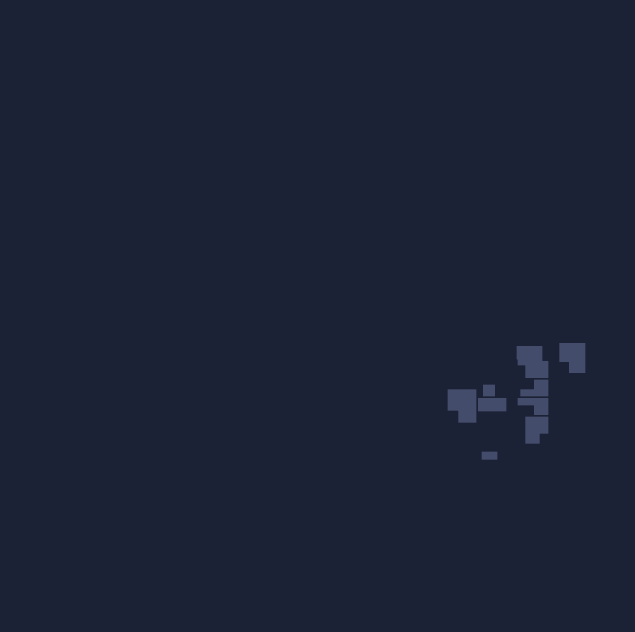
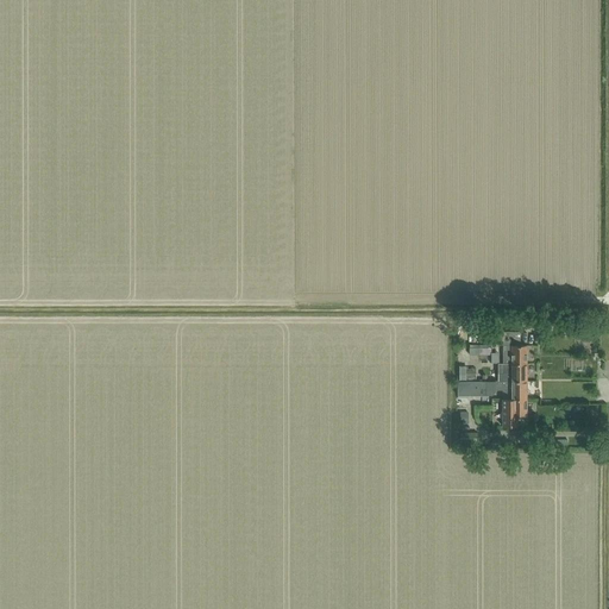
building: [559,342,586,374] -> none
building: [447,389,477,423] -> none

